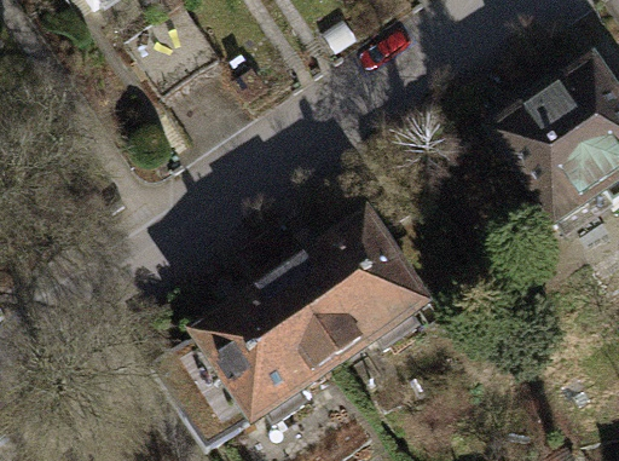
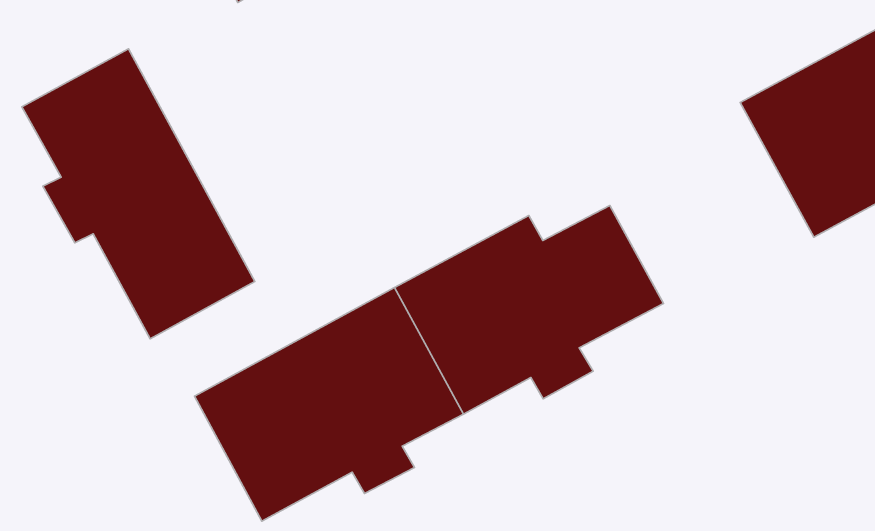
building: none -> [22,49,255,339]

